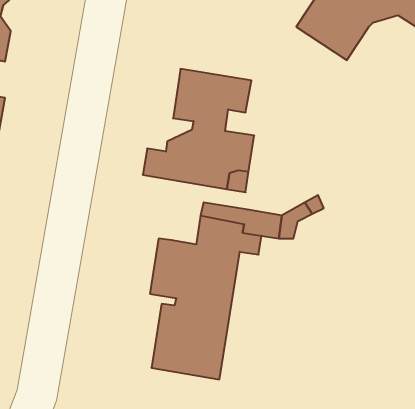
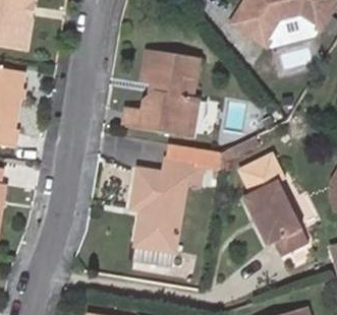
building: none -> [242,165,307,256]

